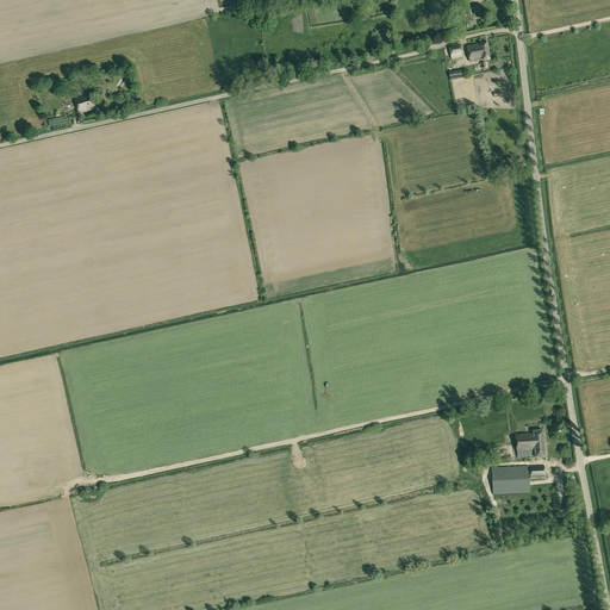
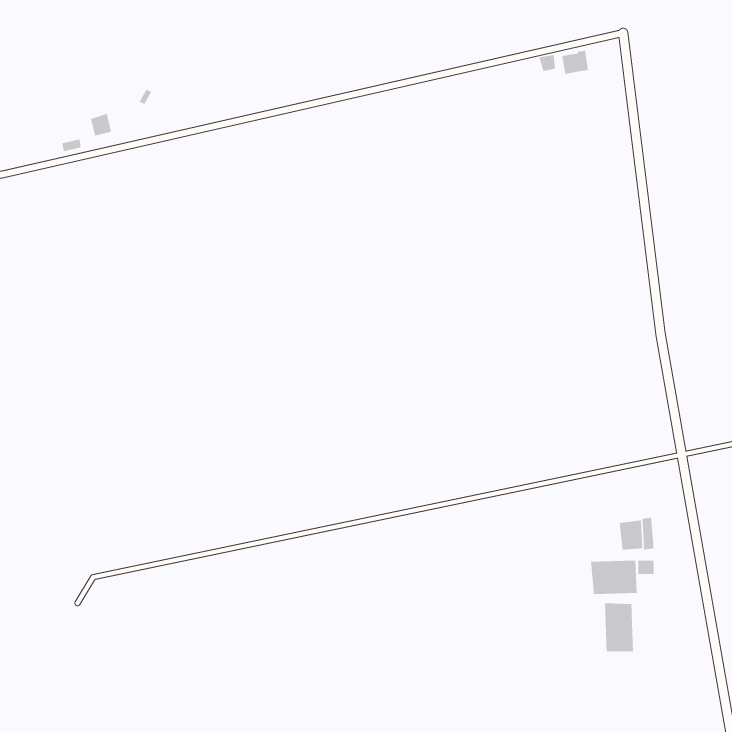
building: none -> [605,602,633,652]

